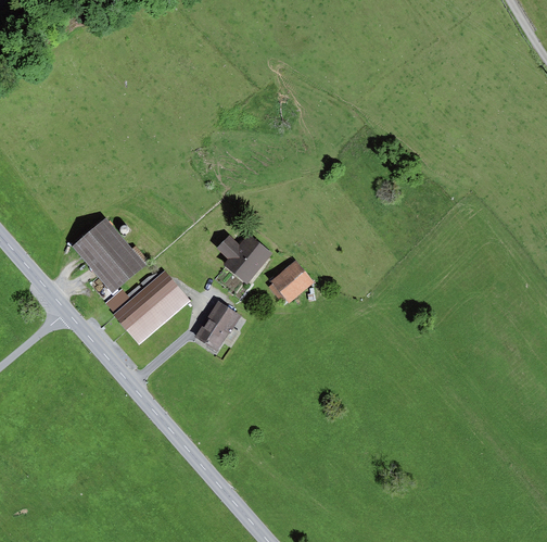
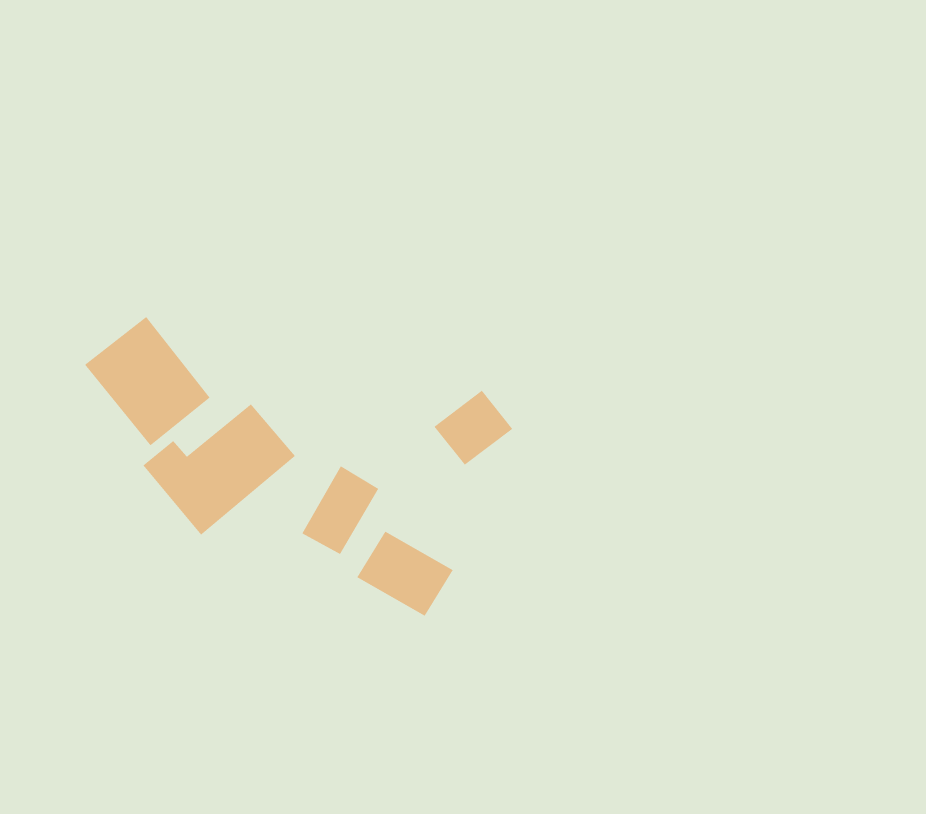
building: [218,232,275,290] -> none
building: none -> [357,531,453,617]

